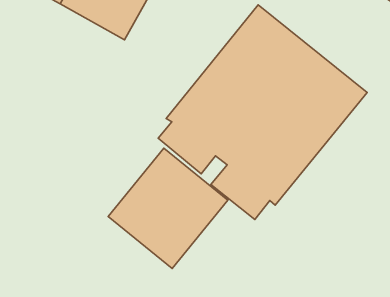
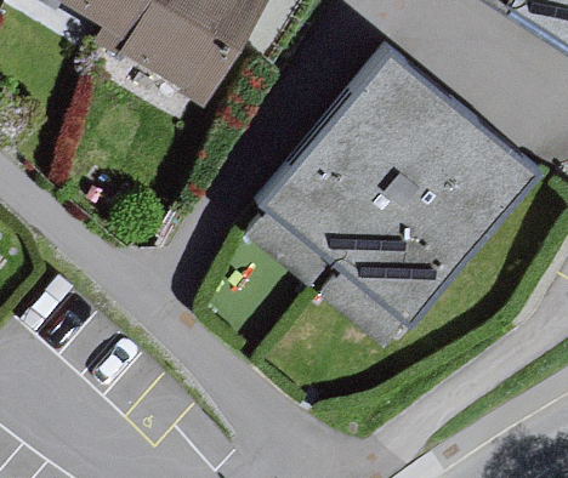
building: [108,148,228,269] -> none

